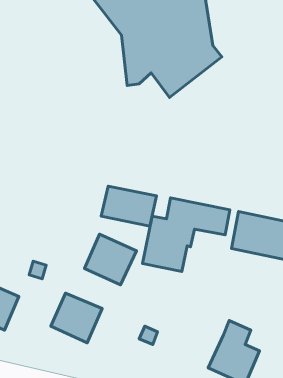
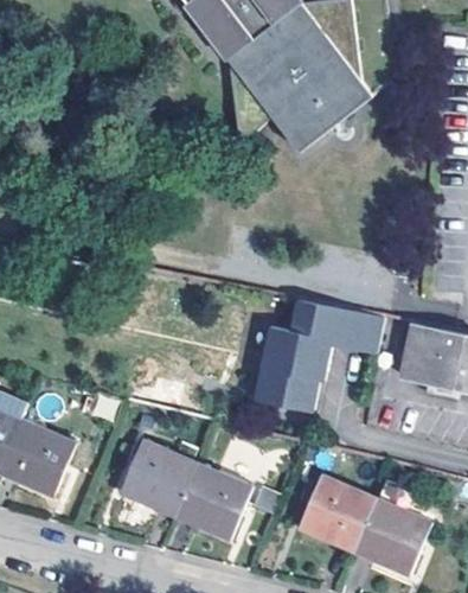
building: [101,186,156,226] -> none
building: [84,234,137,285] -> [174,464,251,538]
building: none -> [300,478,376,551]

